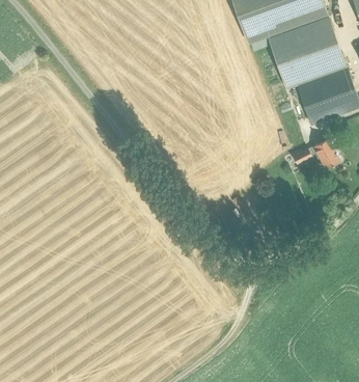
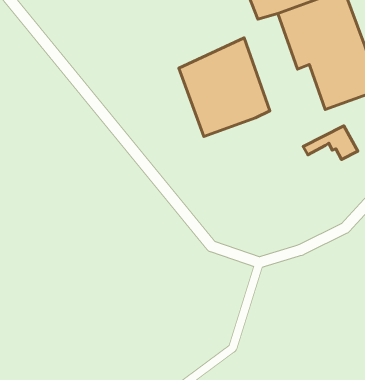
building: none -> [179,38,270,137]

